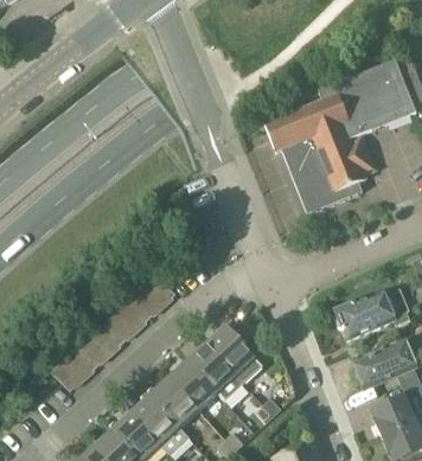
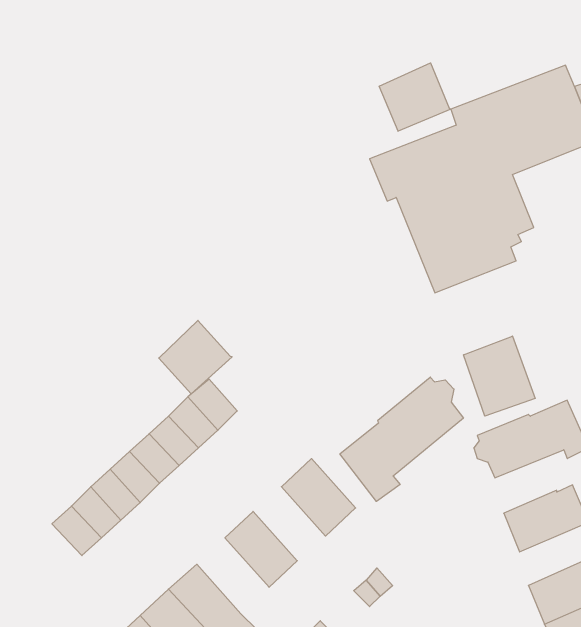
building: none -> [379,63,451,131]
building: none -> [159,320,232,394]
building: none -> [464,336,535,416]
building: none -> [340,377,463,501]
building: [186,344,235,393] -> none
building: [148,378,197,429] -> none

